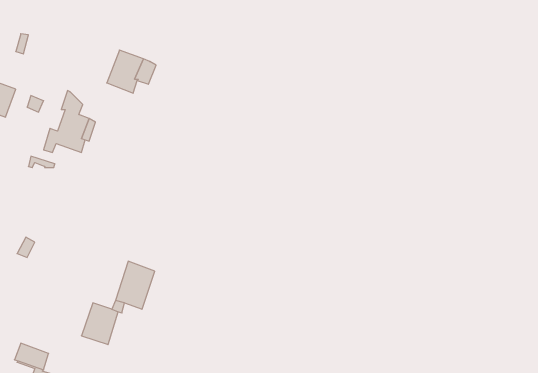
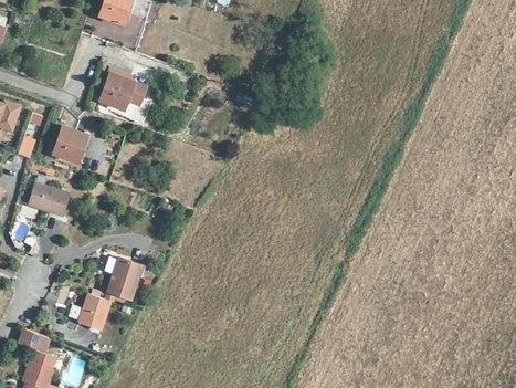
building: none -> [28,183,69,216]

